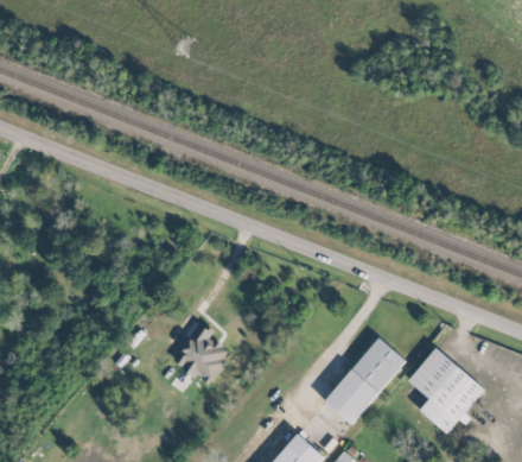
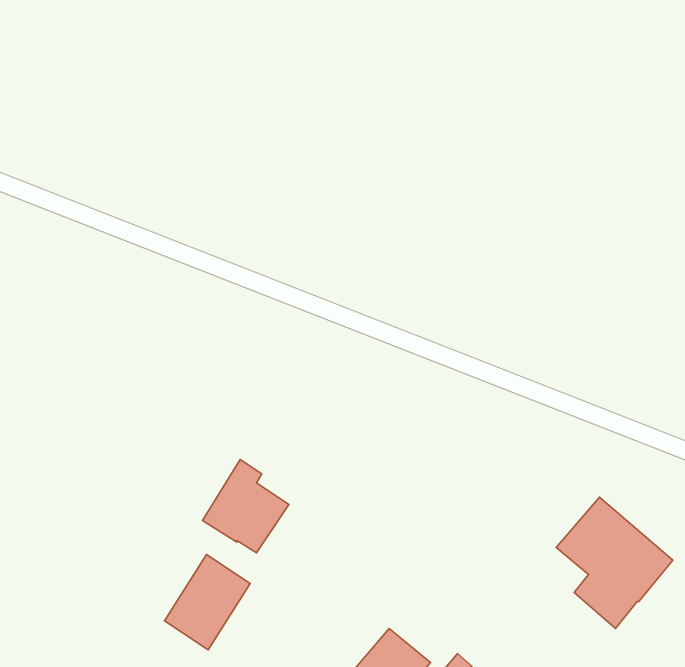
building: [324,338,406,425] -> none
building: none -> [164,554,250,650]

